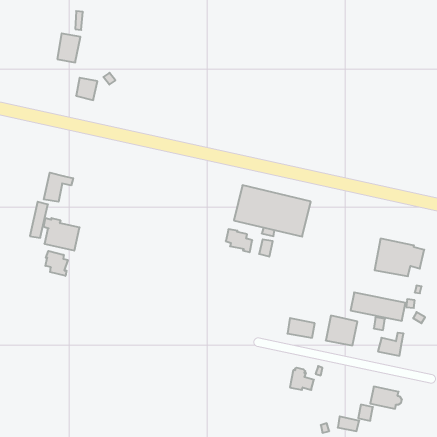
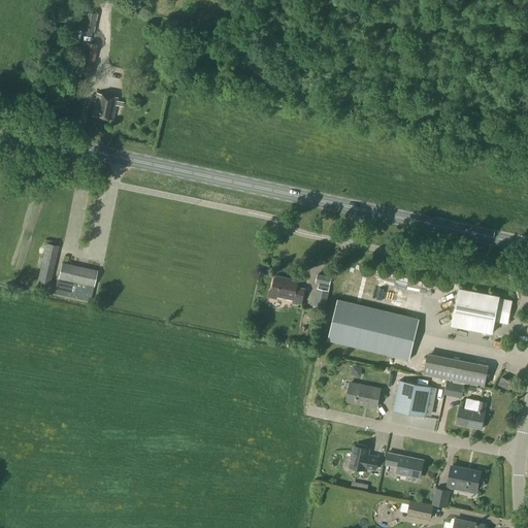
building: [44,173,73,202] -> none
building: [234,185,311,237] -> [327,299,420,361]
building: [45,251,68,276] -> none
building: none -> [396,456,423,476]

